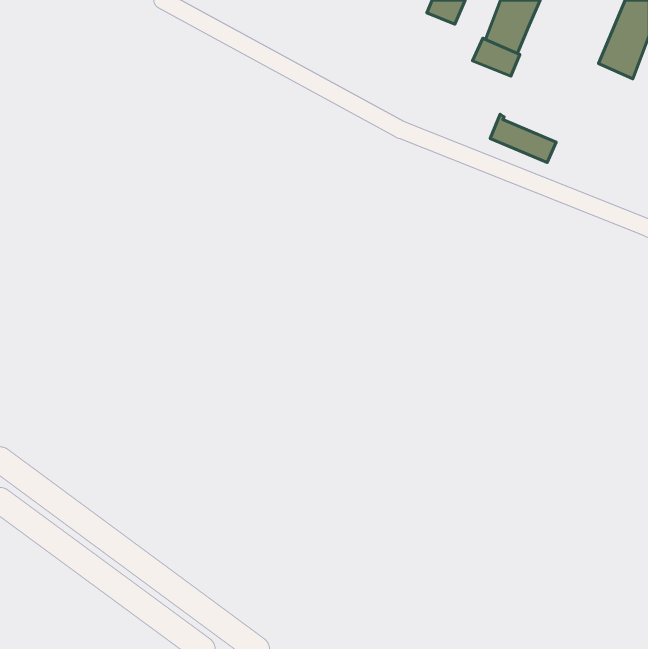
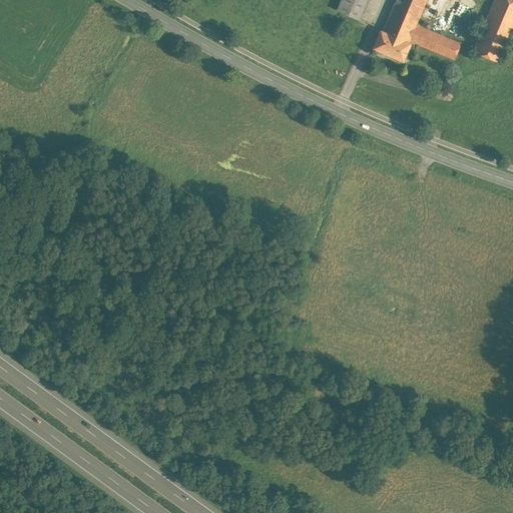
building: [490,114,556,163] -> [410,21,462,59]

